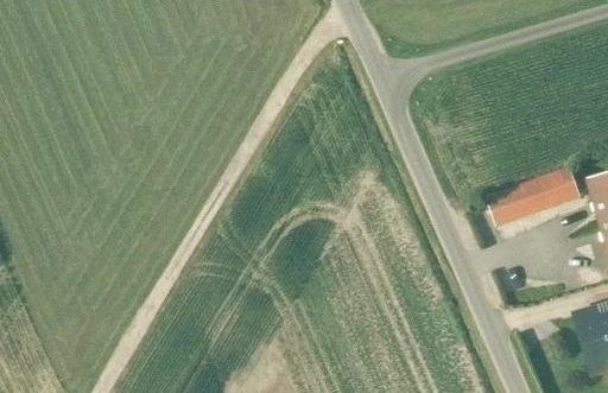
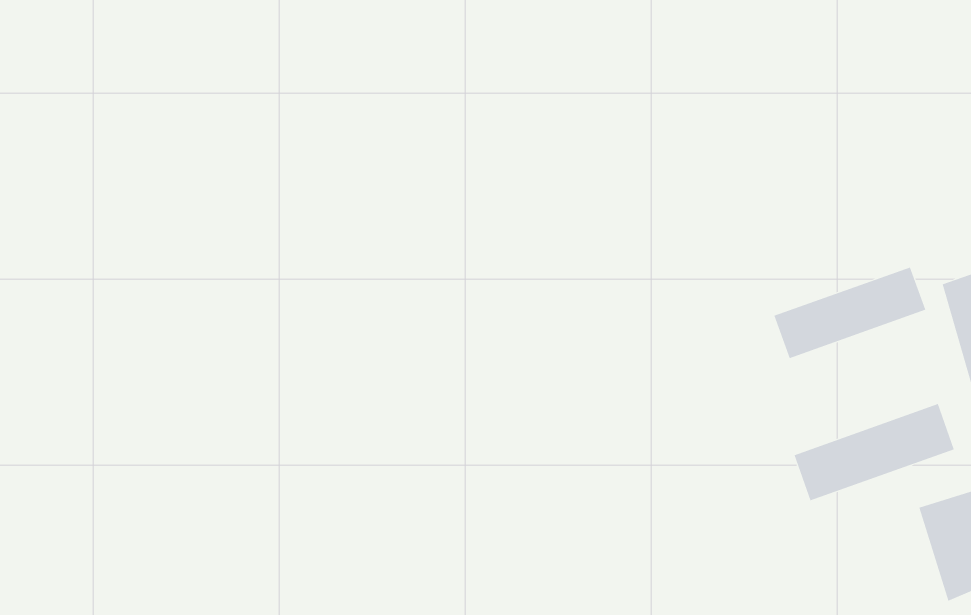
building: none -> [794,403,954,501]

